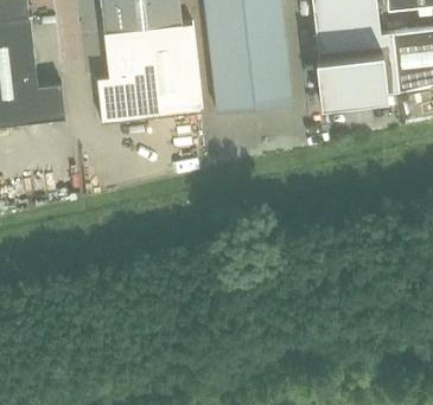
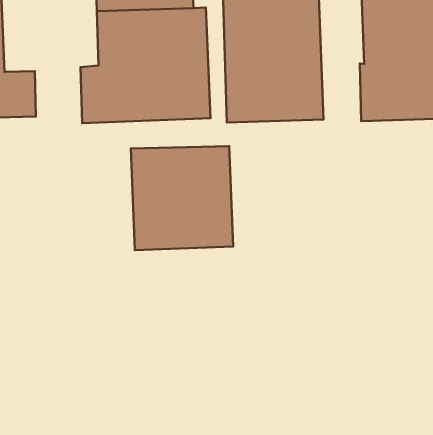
building: none -> [131,146,233,250]

